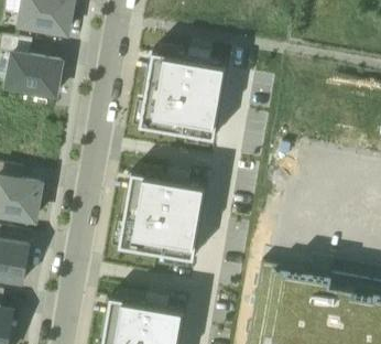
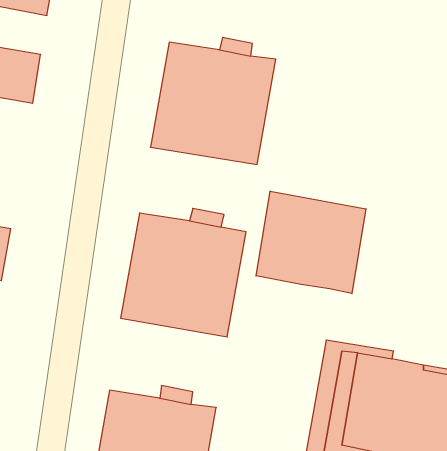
building: none -> [256,191,366,294]

